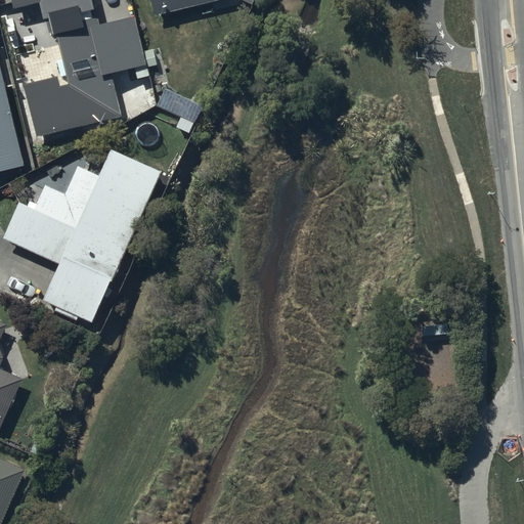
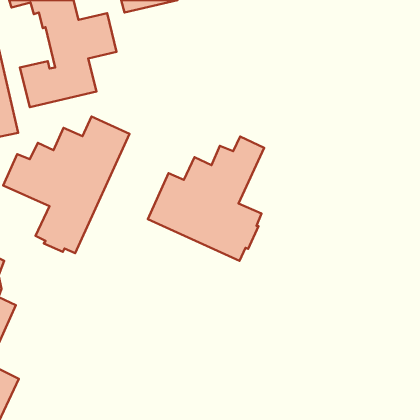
building: none -> [148,137,264,261]

